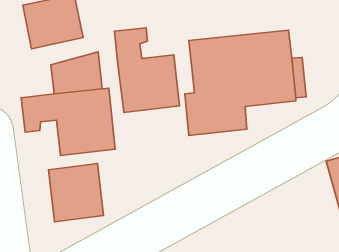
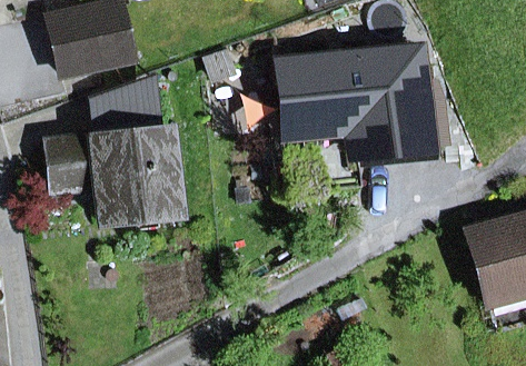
building: [114,28,179,112] -> none
building: [48,164,103,222] -> none

